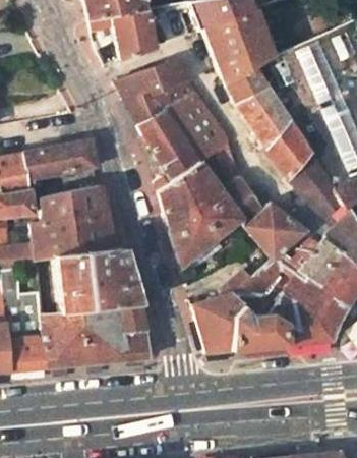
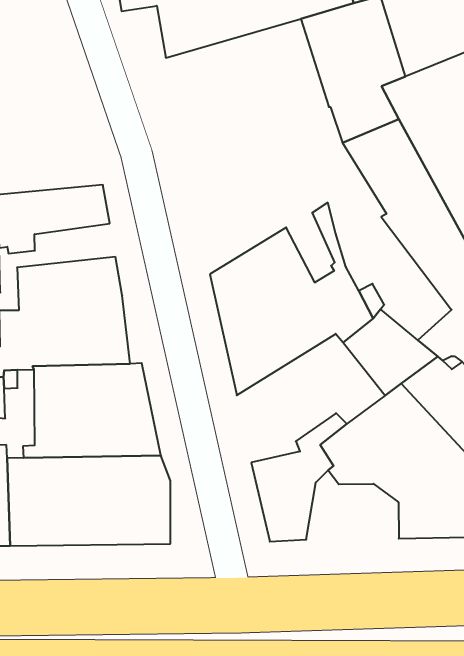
building: [115,60,228,191] -> none
building: [231,306,288,350] -> none

